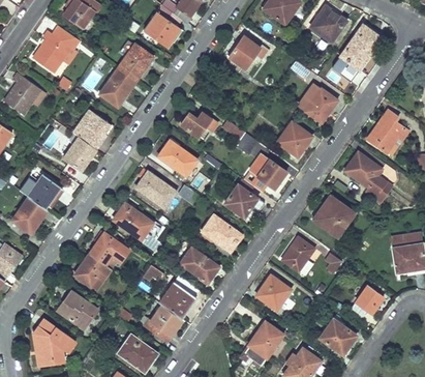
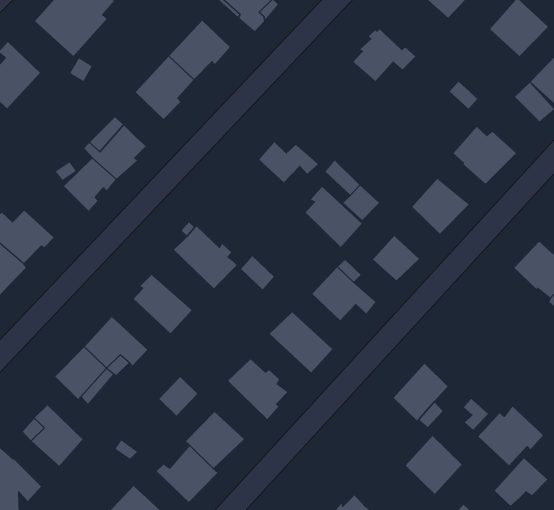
building: [160,139,196,175] -> [305,186,363,248]
building: [313,197,354,234] -> [478,406,544,466]
building: [255,273,291,310] -> [405,435,463,495]

